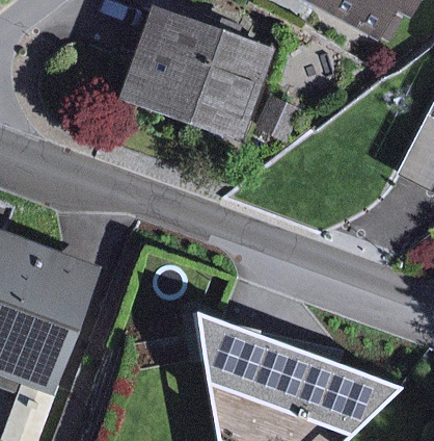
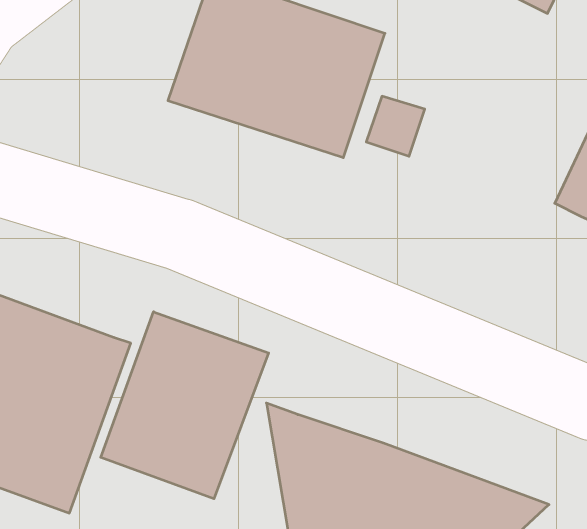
building: none -> [101,312,269,499]

